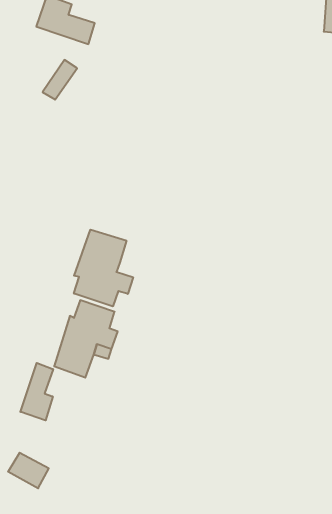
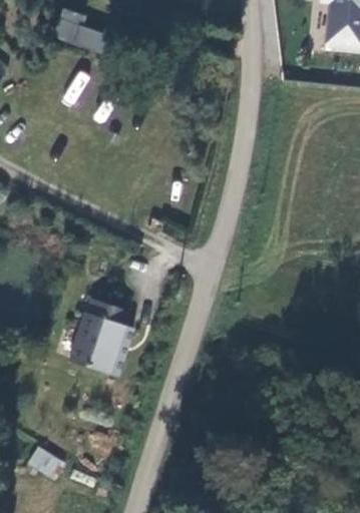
building: [74,230,133,306] -> none
building: [20,363,53,420] -> none

